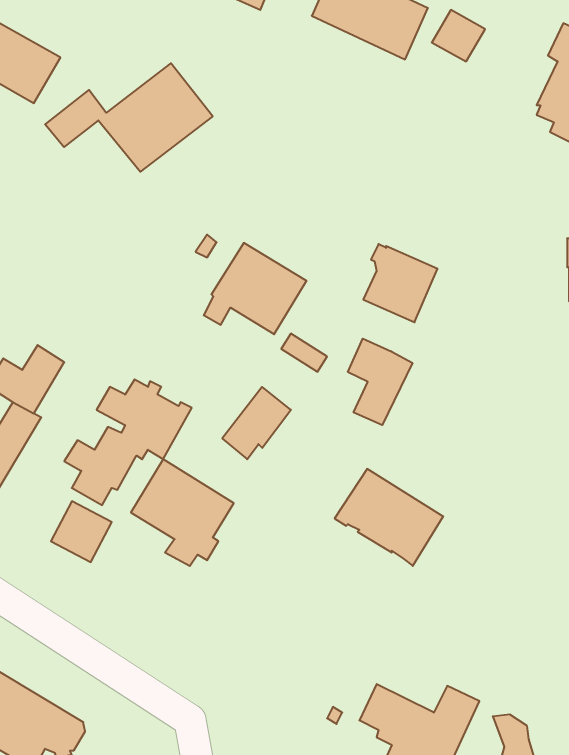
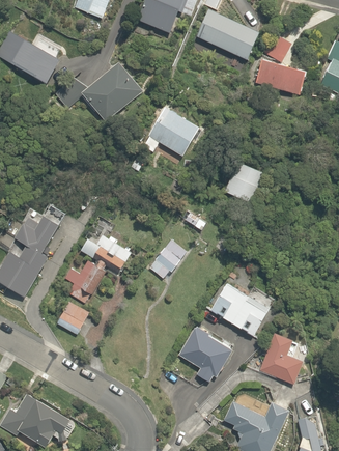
building: none -> [255,58,307,94]
building: [204,243,307,334] -> [144,107,200,157]
building: [348,339,412,425] -> none
building: [131,459,234,566] -> [176,323,232,382]
building: none -> [258,333,302,384]

